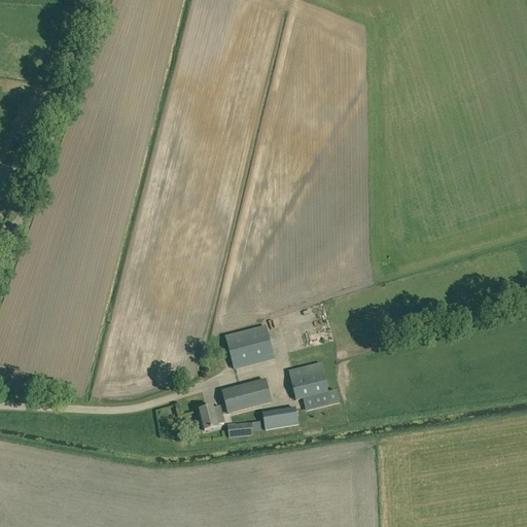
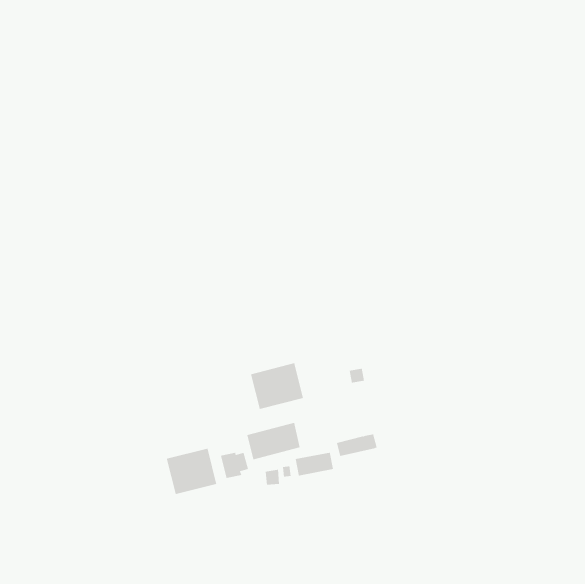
building: [287,362,326,399] -> none
building: none -> [166,448,217,495]

